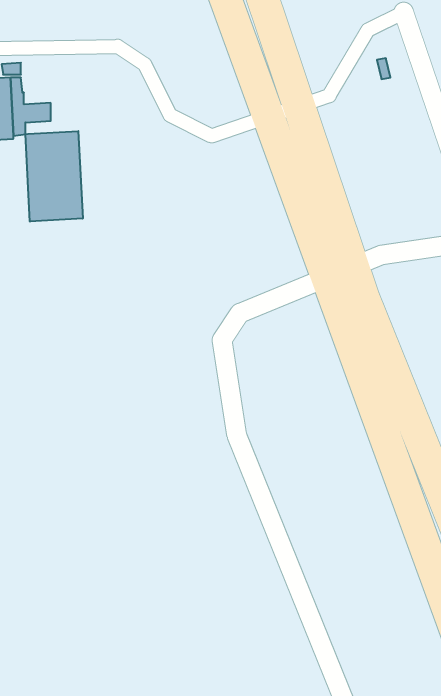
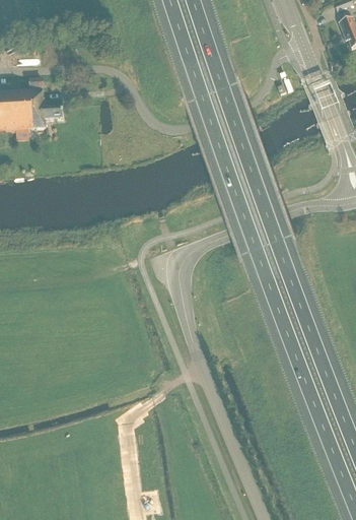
building: [25,131,83,222] -> none

